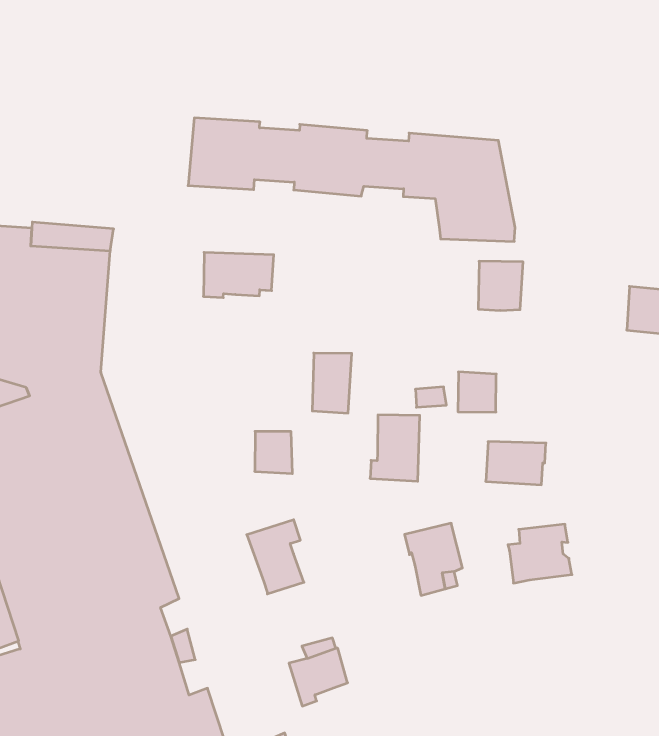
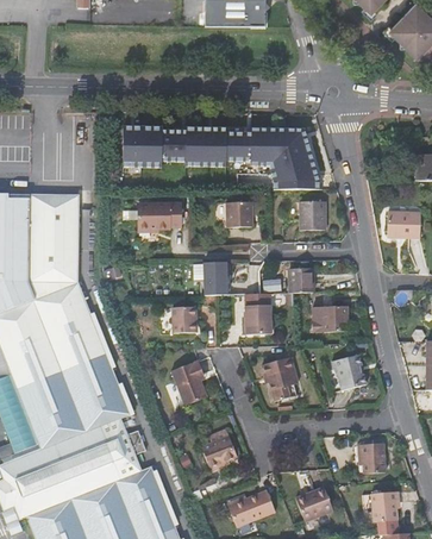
building: none -> [225,202,250,227]
building: none -> [357,443,384,472]

